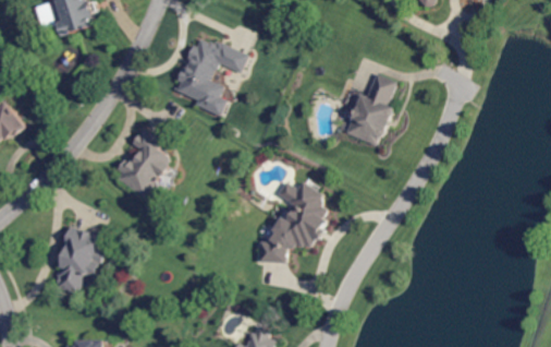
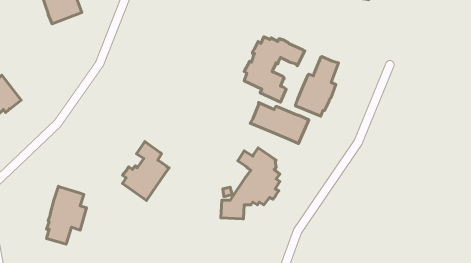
building: [175,39,246,116] -> [244,37,305,102]
building: [115,128,170,196] -> [122,142,169,200]
building: none -> [250,103,309,143]

